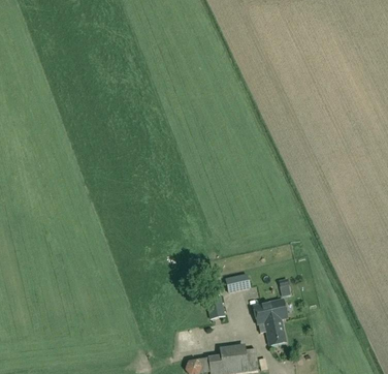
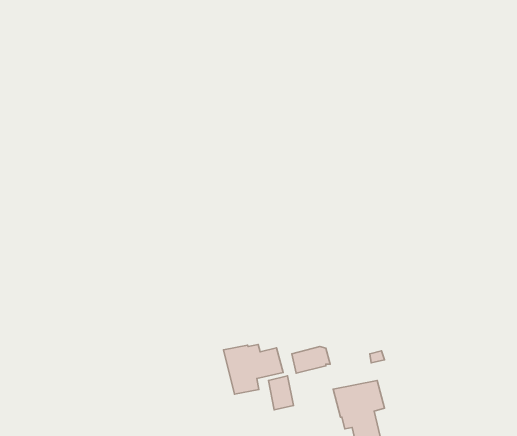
building: none -> [223,344,283,394]

